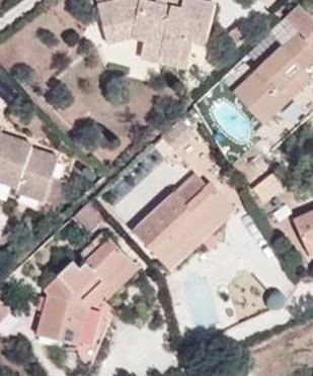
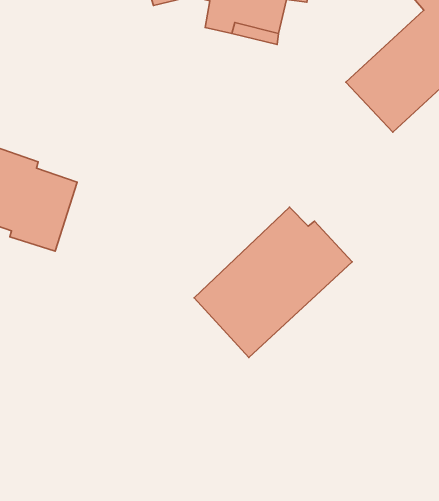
building: [36,239,139,346] -> none

